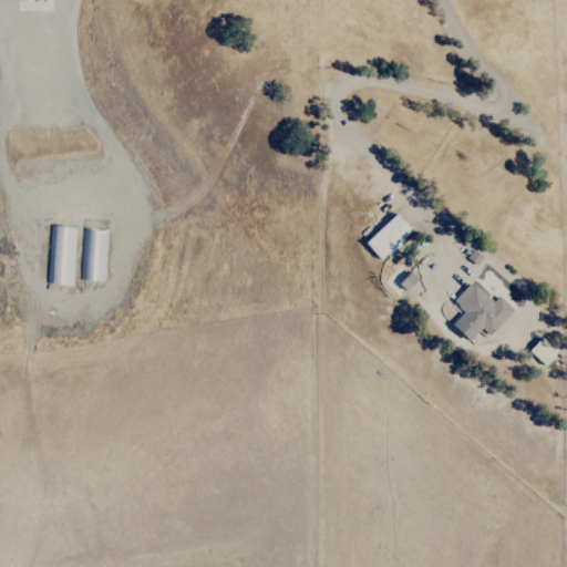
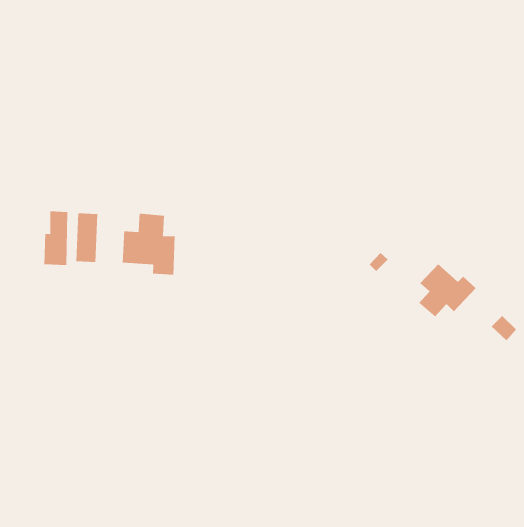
building: [367,213,414,259] -> none
building: none -> [122,213,175,275]

